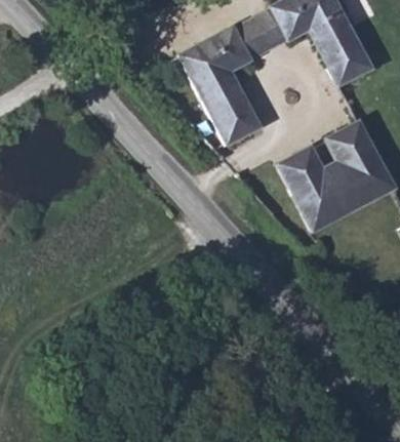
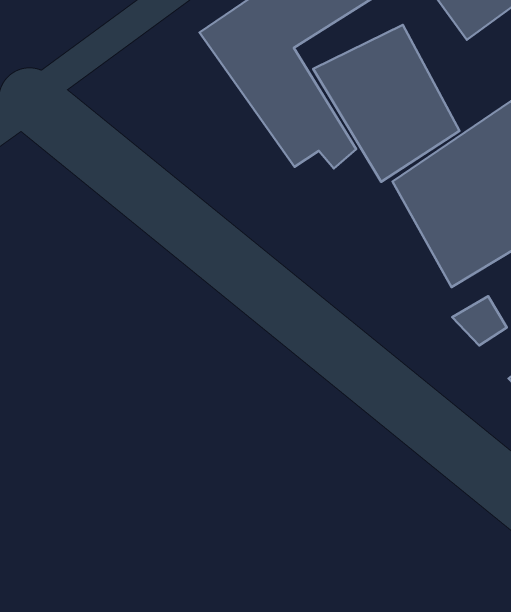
building: none -> [313,25,459,182]

